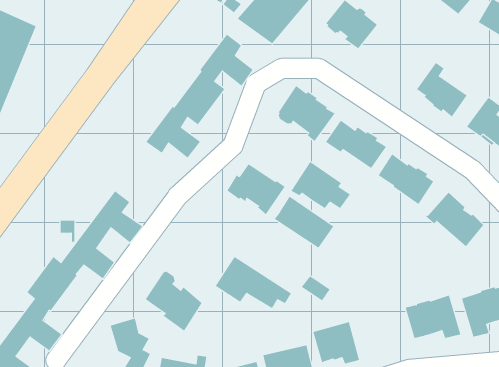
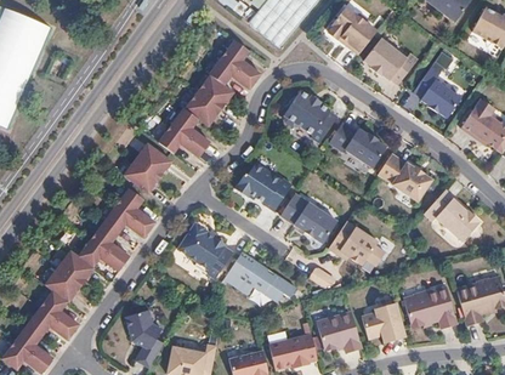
building: none -> [363,39,416,84]
building: none -> [124,142,171,192]
building: [290,161,351,209] -> [328,220,385,265]
building: [145,271,202,331] -> [177,220,232,277]
building: none -> [362,302,405,341]

